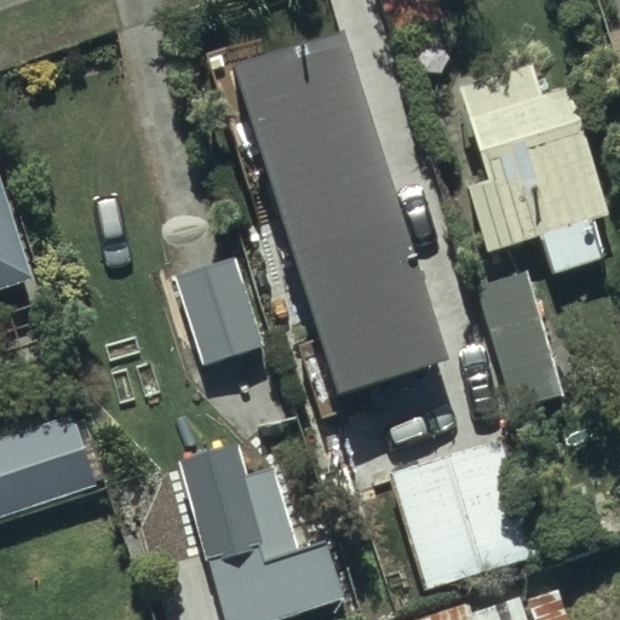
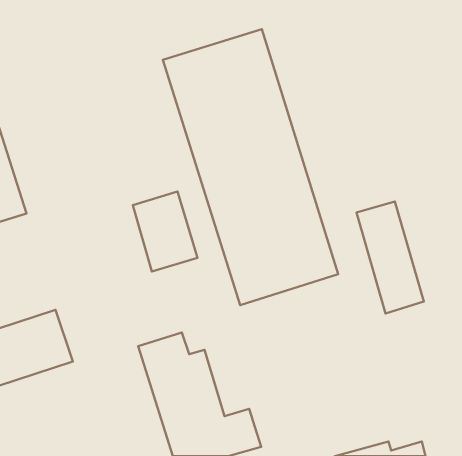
building: [463,65,608,272] -> none
building: [386,438,534,589] -> none

